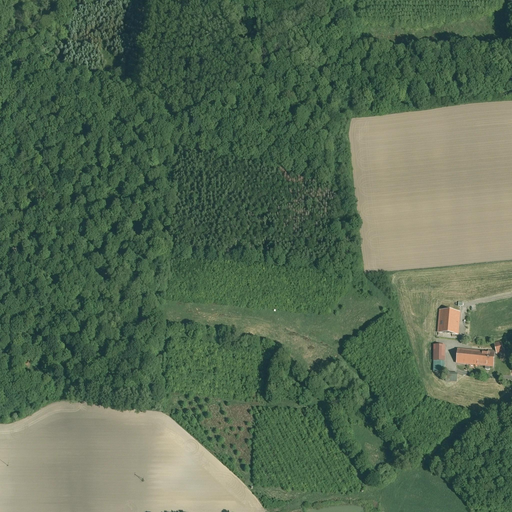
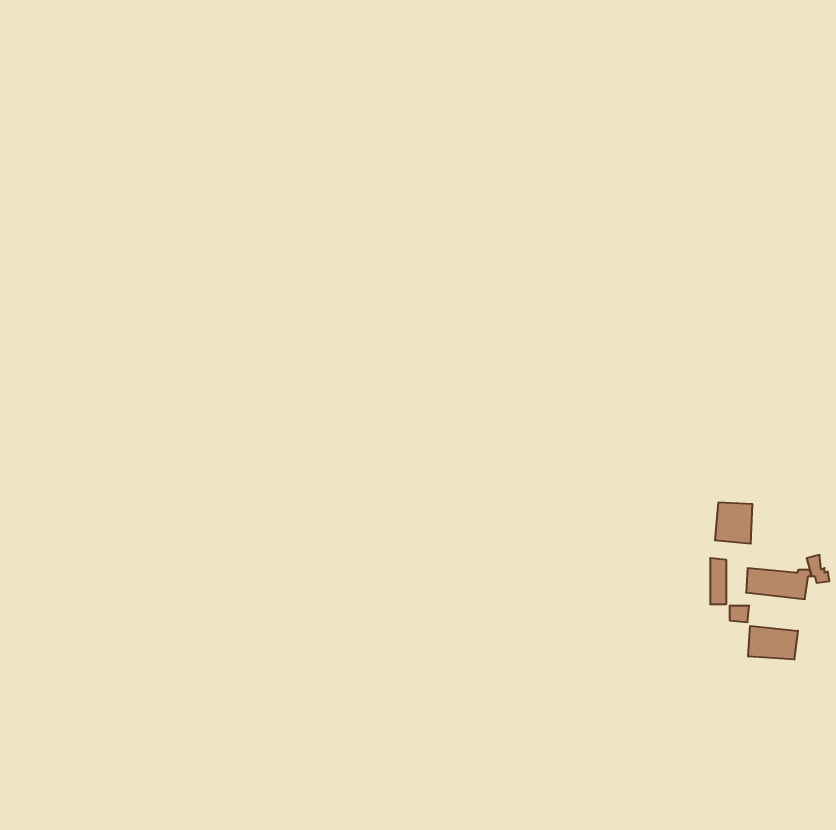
building: none -> [748,626,798,660]

